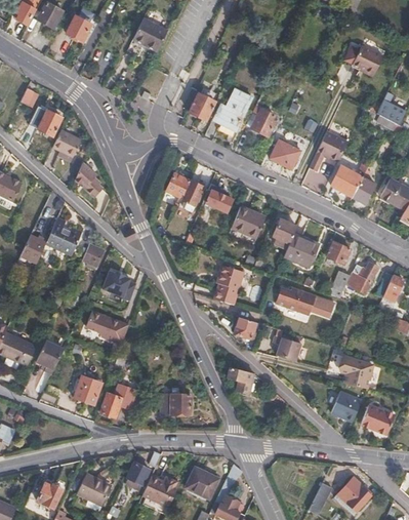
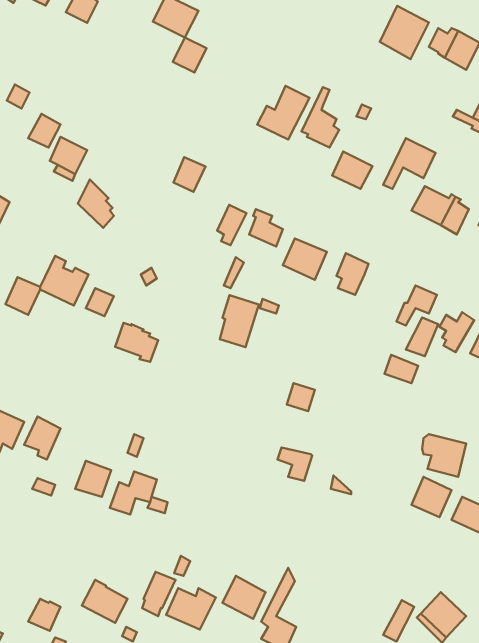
building: none -> [380,6,429,59]
building: [190,93,215,120] -> [173,38,206,72]
building: [166,173,191,200] -> [173,157,206,192]
building: [285,231,330,265] -> none
building: [213,264,243,304] -> [220,295,259,347]
building: [277,287,315,314] -> none
building: [86,312,129,344] -> none
building: [272,335,300,360] -> none
building: [162,395,191,415] -> none

